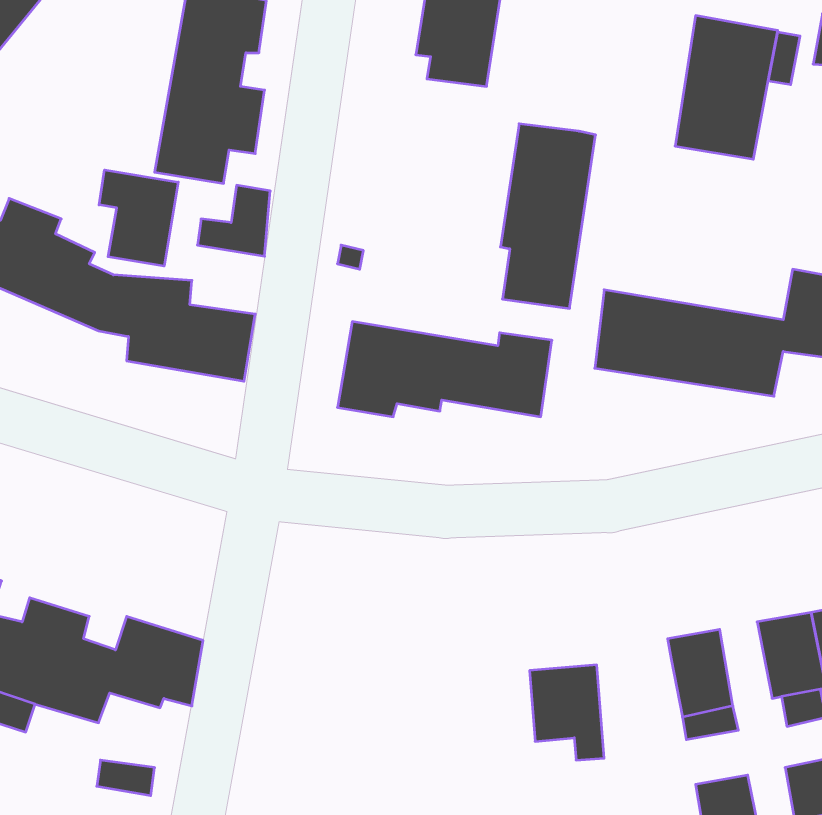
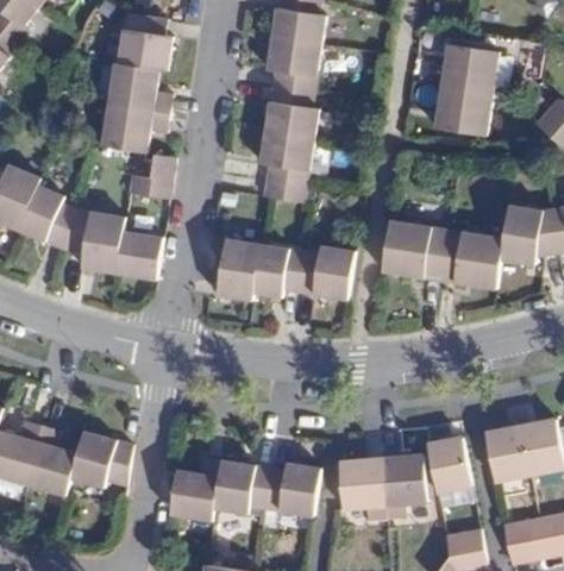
building: [500,124,596,308] -> [262,86,322,203]
building: [99,170,178,266] -> none
building: none -> [382,456,427,519]
building: none -> [168,458,320,520]

